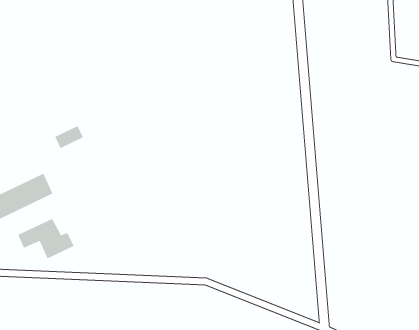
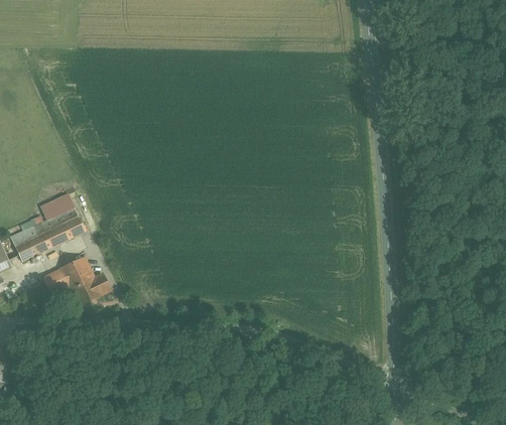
building: [54,125,84,149] -> [39,192,74,220]

